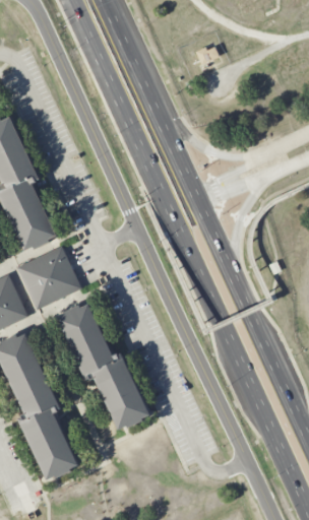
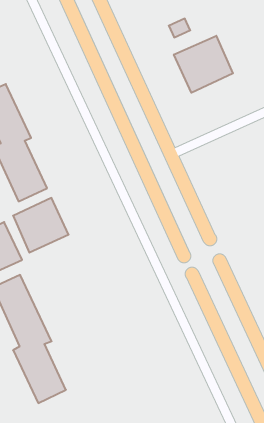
building: none -> [174,36,233,93]
building: [56,305,148,430] -> none

